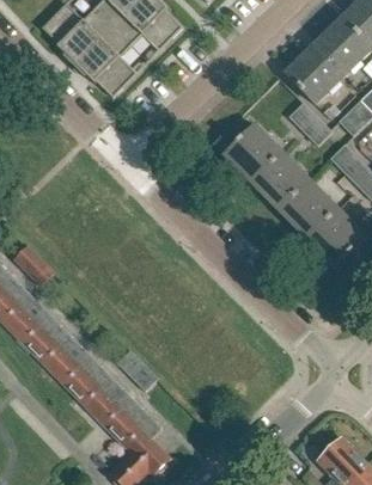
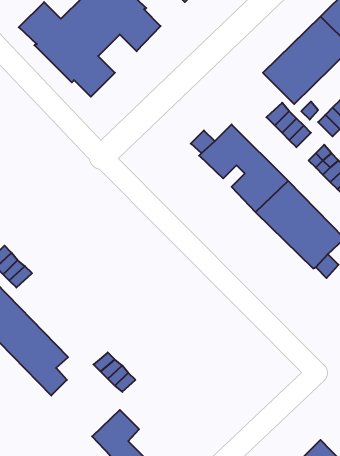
building: [74,356,142,435] -> none

